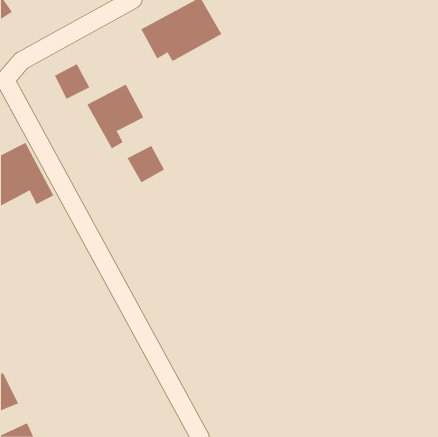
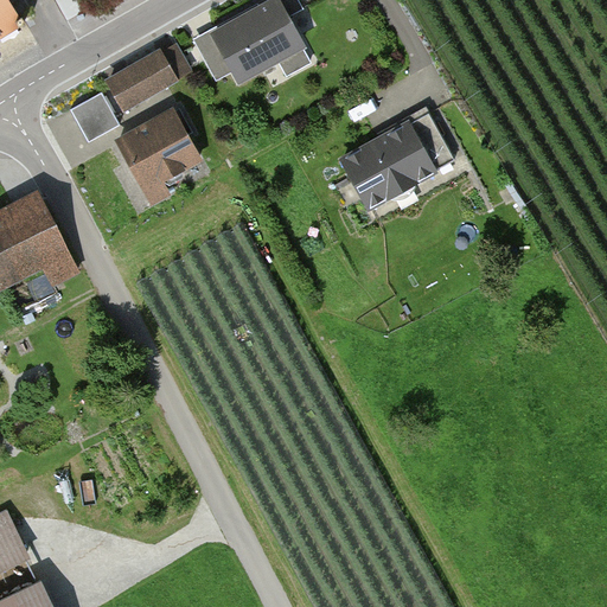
building: none -> [106,55,172,111]
building: none -> [338,107,459,211]
building: [127,145,165,183] -> none

